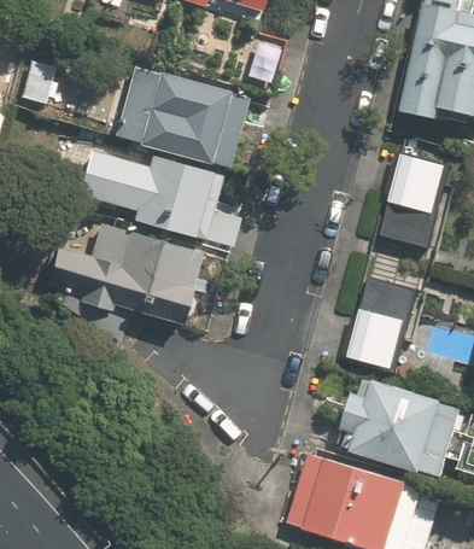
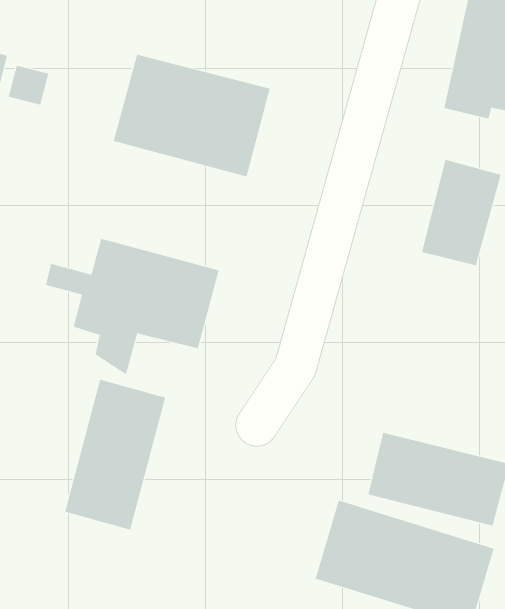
building: [81,153,242,249] -> none
building: [347,275,414,369] -> none
building: none -> [64,379,166,531]

